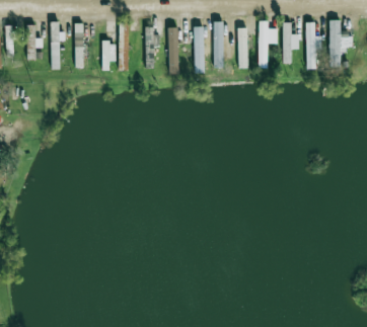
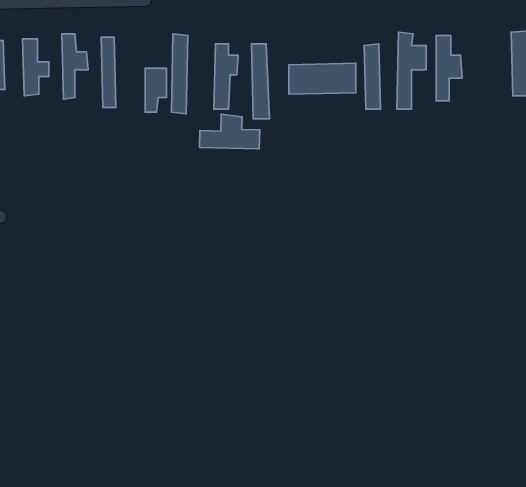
building: [306,22,321,69] -> none
building: none -> [199,114,260,149]

